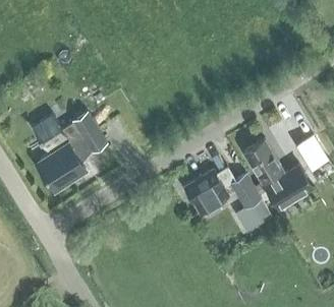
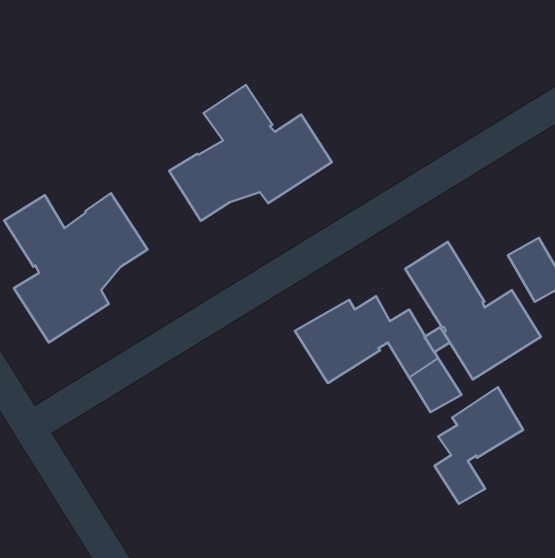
building: none -> [169,85,332,221]
building: none -> [435,387,523,504]

